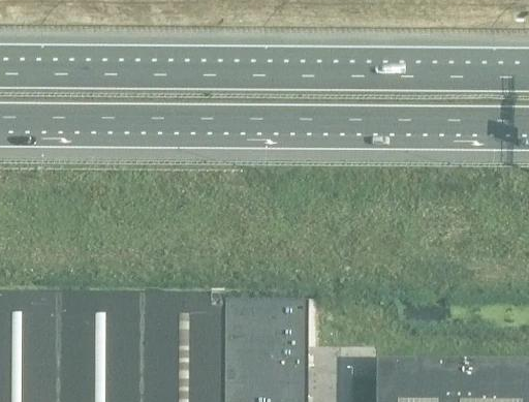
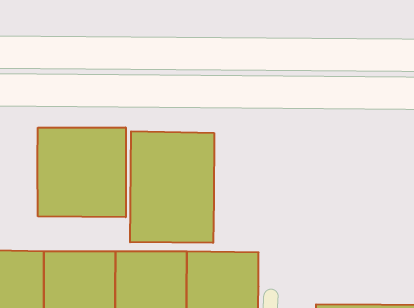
building: none -> [37,127,126,217]
building: none -> [130,131,214,243]

